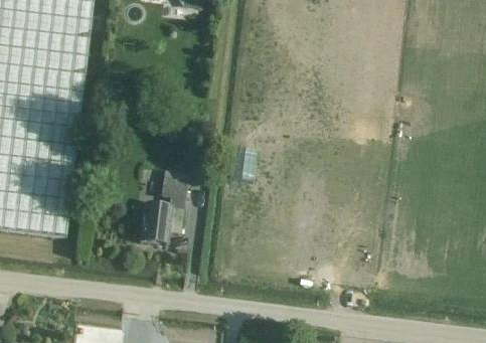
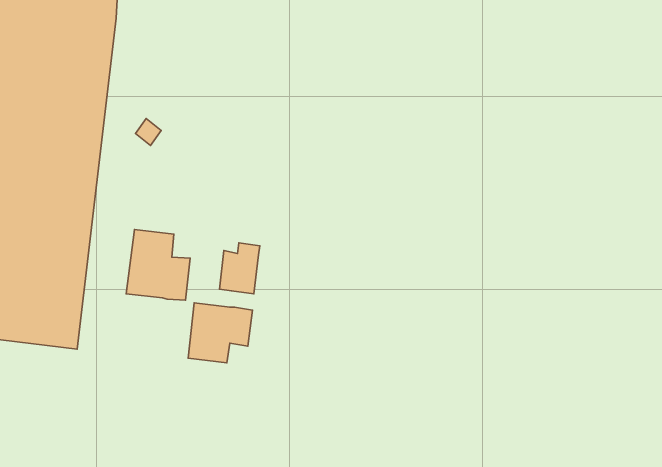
building: none -> [126,229,190,300]

